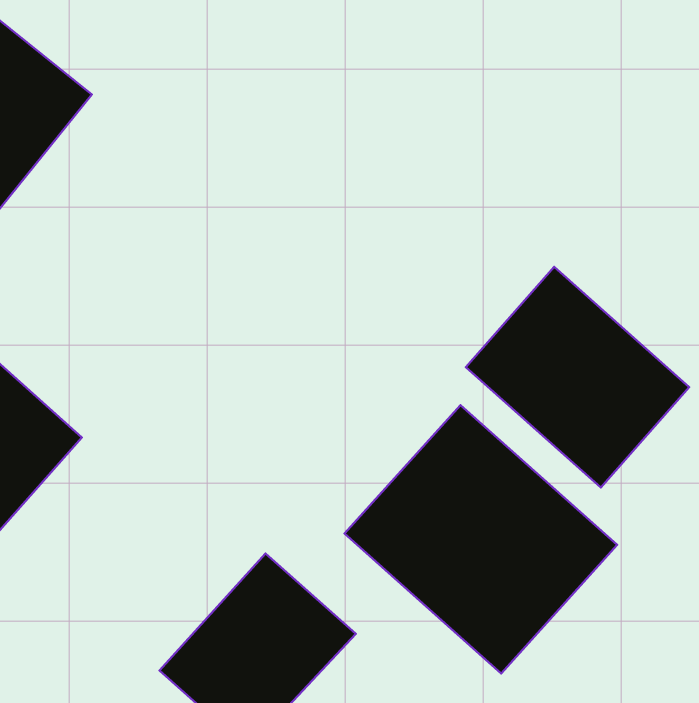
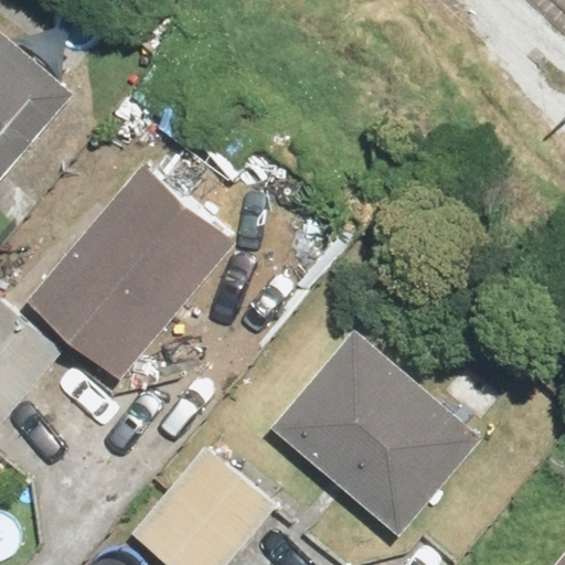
building: none -> [28,163,236,377]
building: [466,267,689,487] -> none

